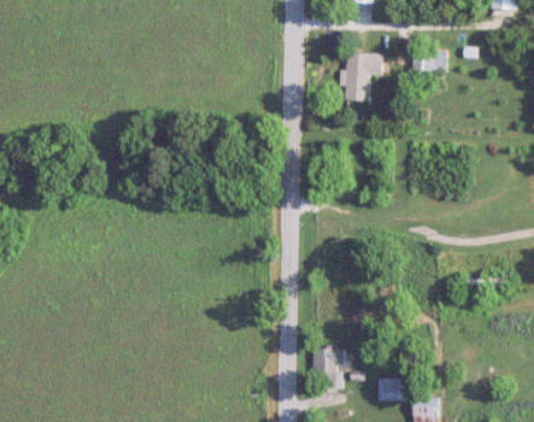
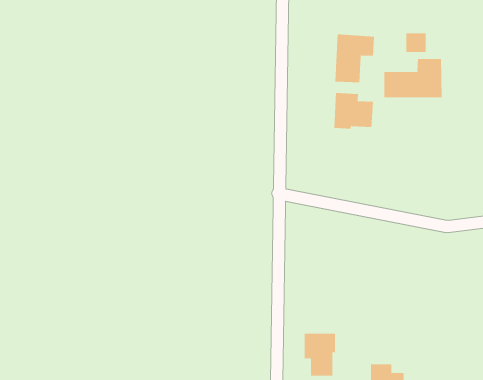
building: none -> [384,58,442,98]
building: none -> [334,92,373,129]

